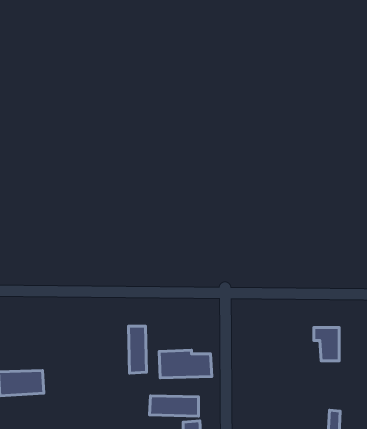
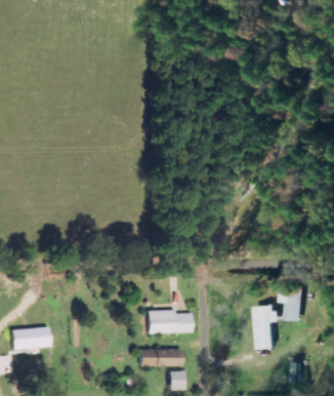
building: [129,326,147,373] -> none
building: none -> [254,306,277,349]

